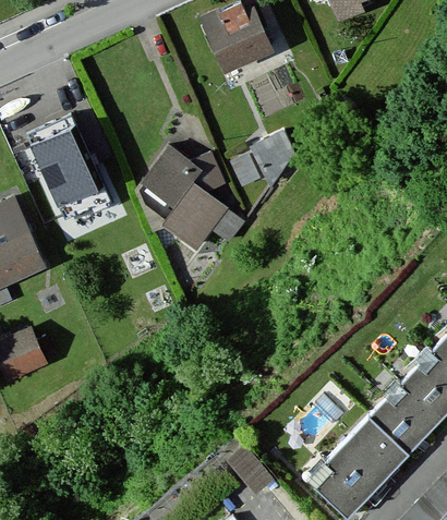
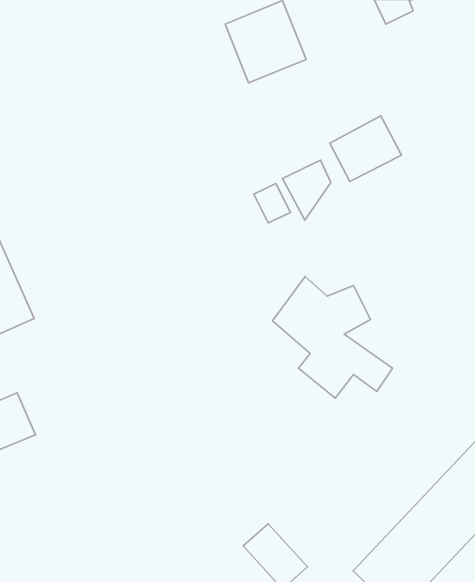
building: none -> [330,116,402,182]
building: [32,128,104,208] -> none
building: [144,147,244,249] -> [272,276,393,398]

